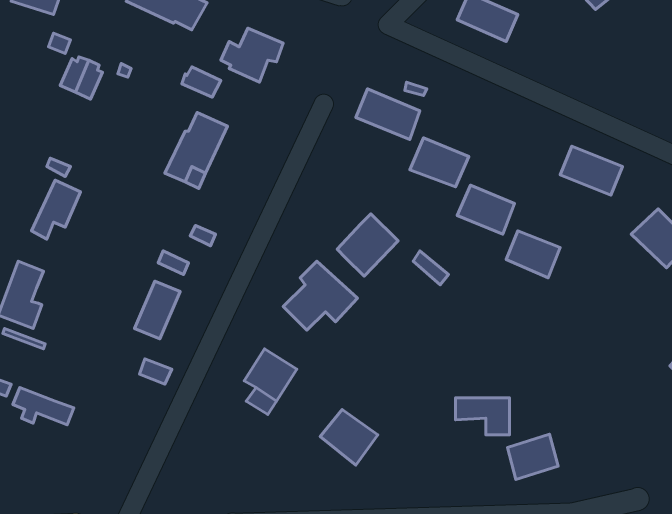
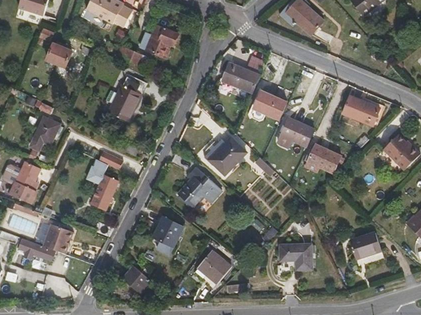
building: none -> [42,224,72,254]
building: none -> [123,262,151,289]
building: [507,434,558,480] -> [348,232,378,259]

